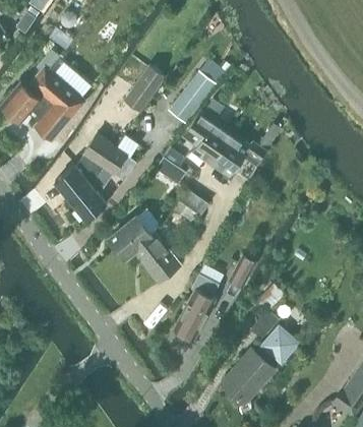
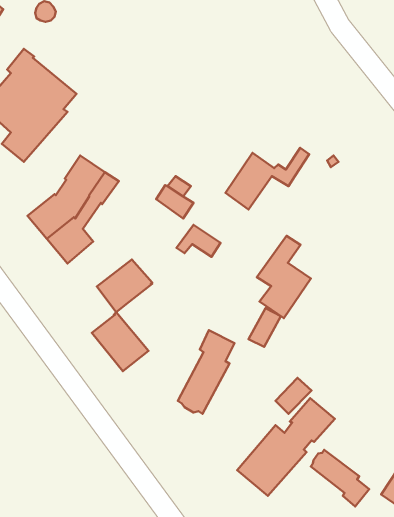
building: [125,66,165,111] -> none
building: [170,72,216,123] -> none
building: [190,100,233,165] -> [257,236,311,318]
building: [135,235,180,282] -> [92,312,148,371]
building: none -> [311,450,369,506]

